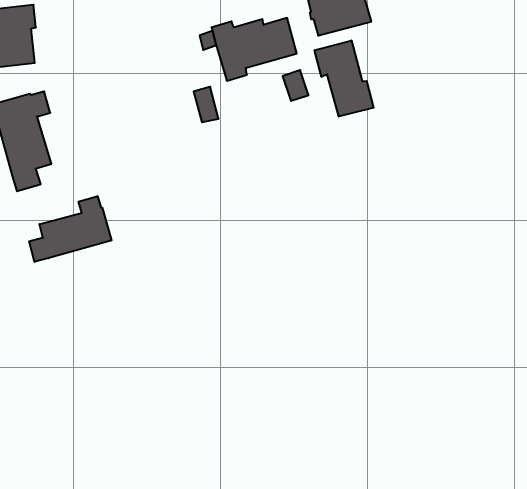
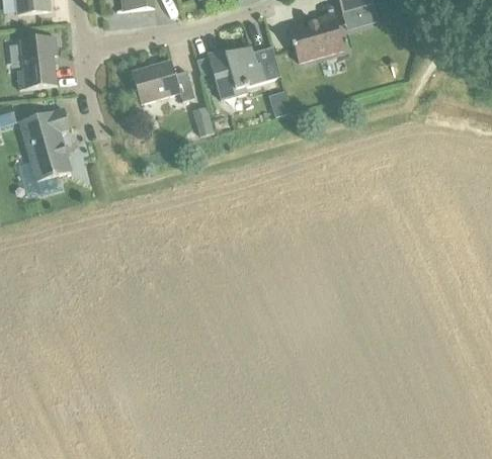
building: none -> [131,60,193,103]
building: [315,40,374,117] -> none
building: [29,196,112,262] -> none

